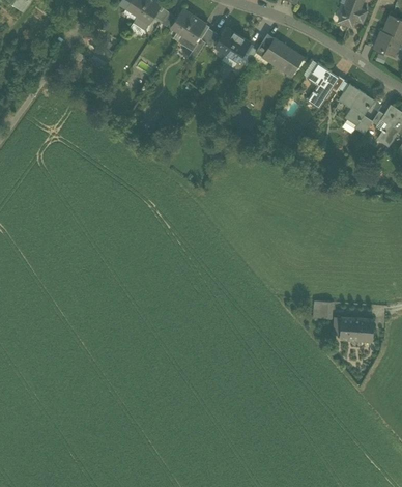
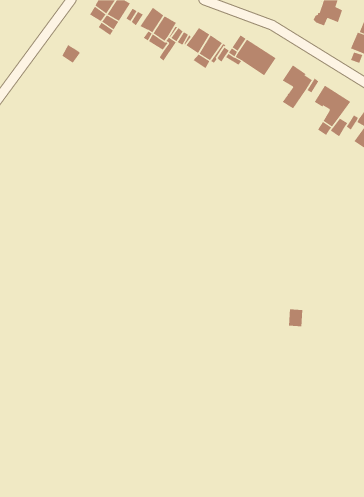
building: [340,317,373,340] -> none

